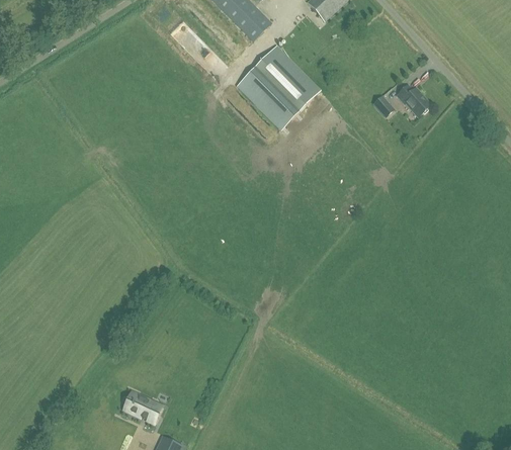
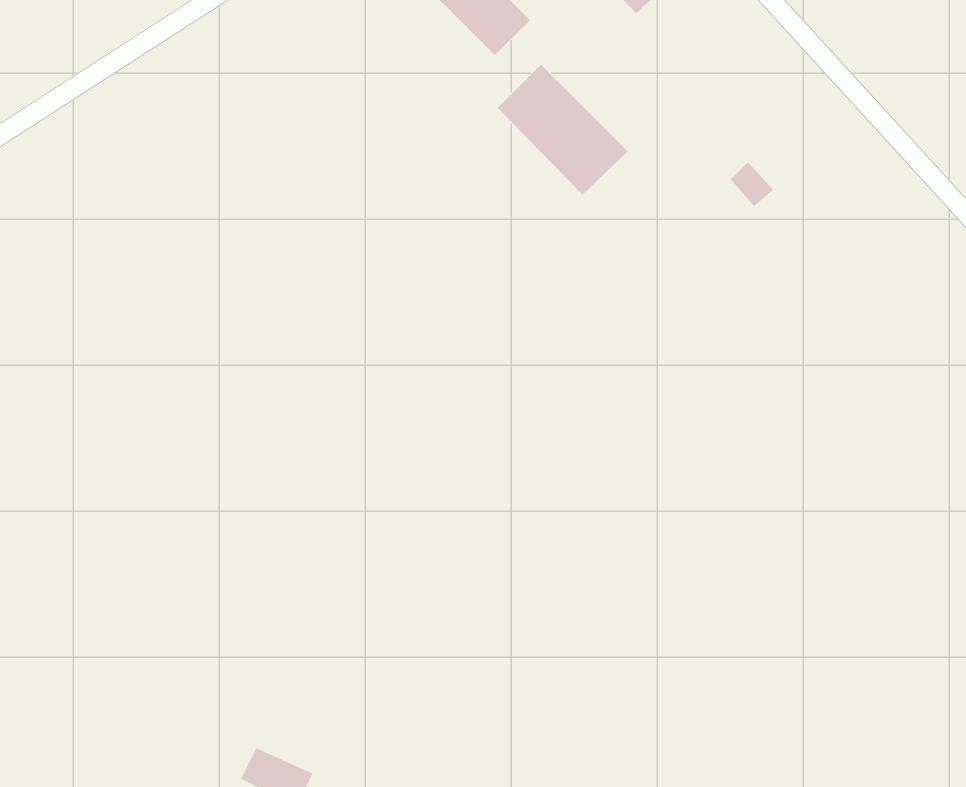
building: [237,68,297,129] -> none
building: [397,85,431,117] -> none

